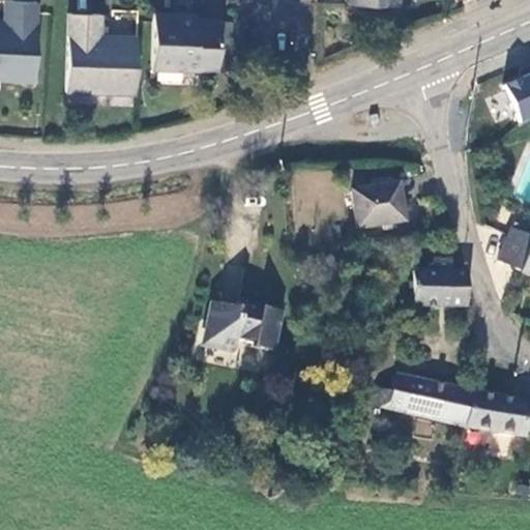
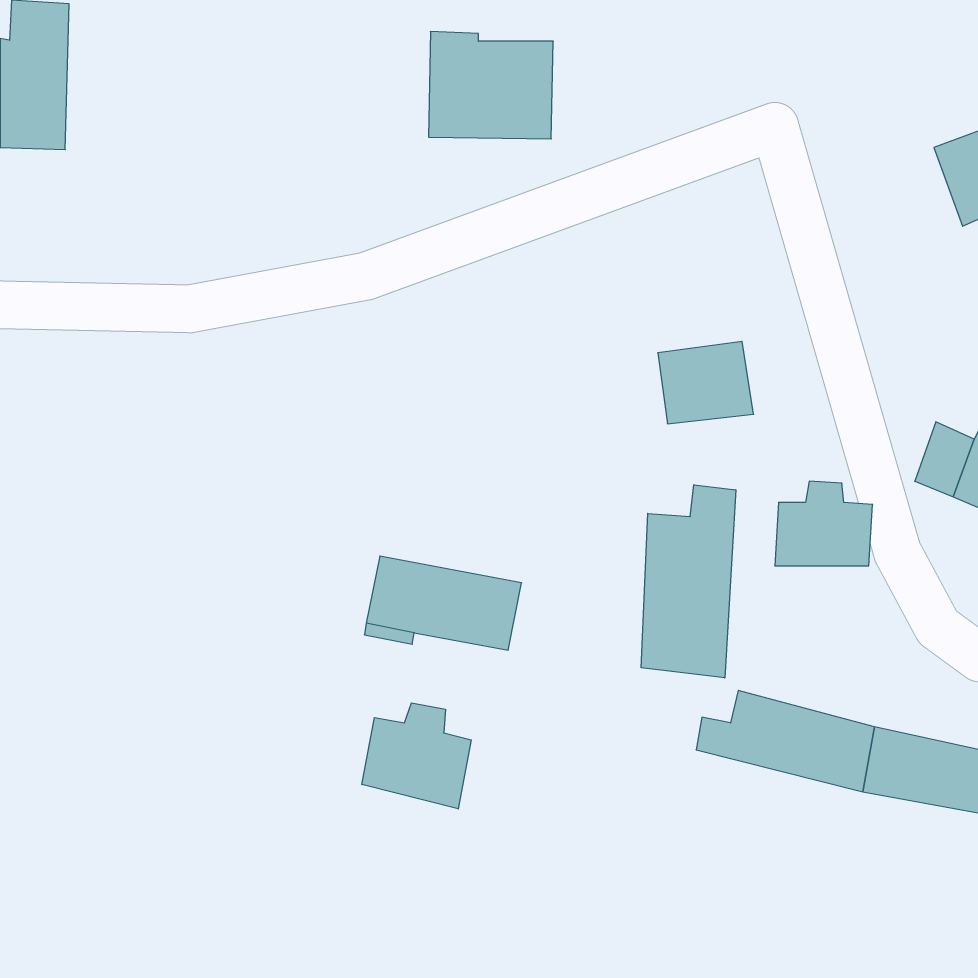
building: [156,12,224,70] -> [429,32,553,139]
building: [68,13,141,93] -> none
building: none -> [641,485,736,678]
building: none -> [362,703,471,809]

